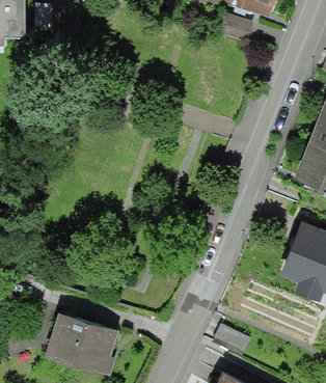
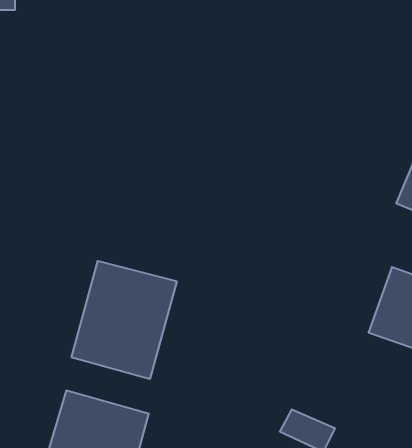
building: none -> [72,261,177,379]

